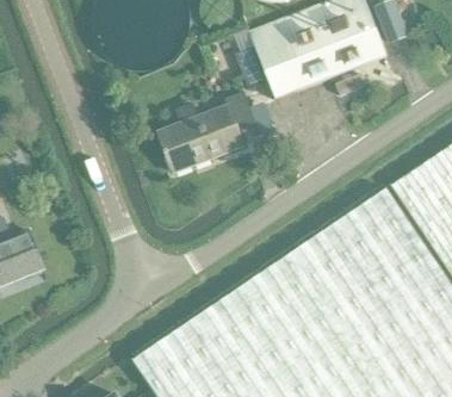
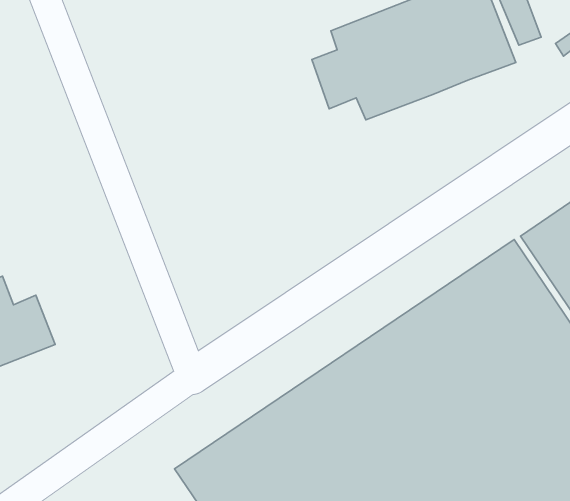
building: [157,92,256,173] -> none

